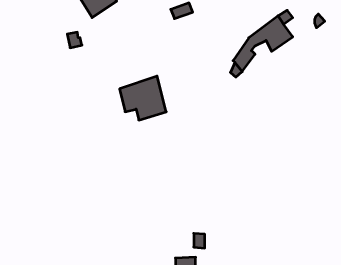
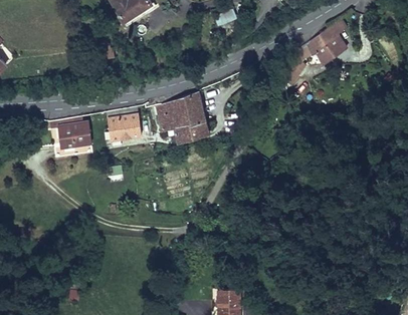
building: none -> [108,112,142,140]
building: none -> [54,117,93,160]

